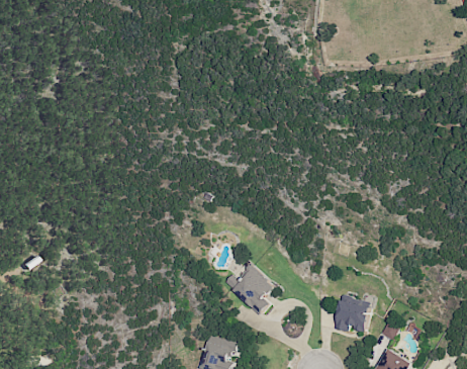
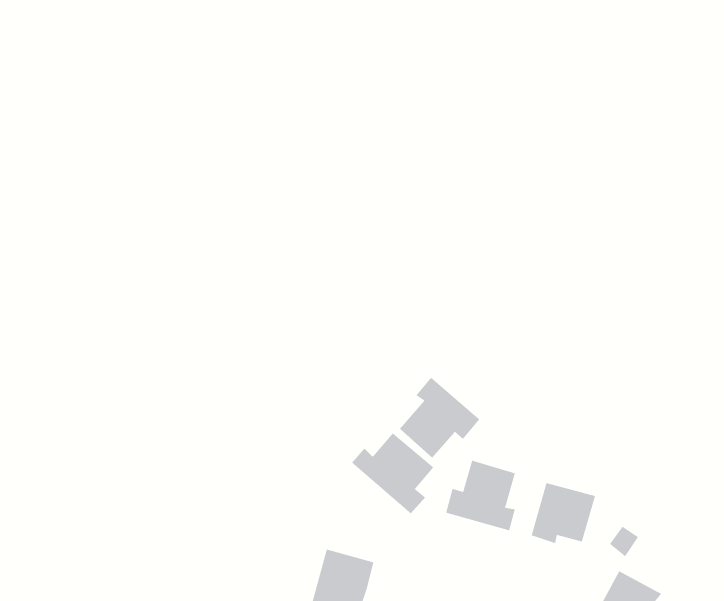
building: none -> [399,377,480,459]
building: none -> [446,460,516,531]

